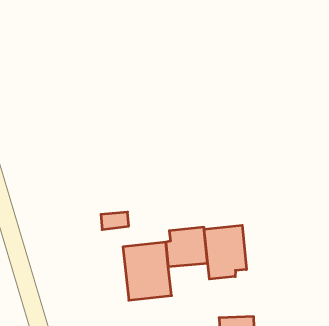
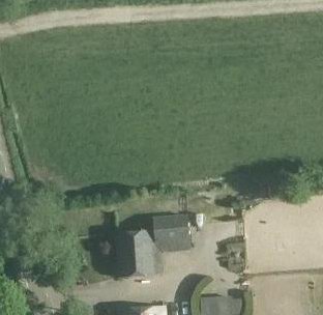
building: [204,225,246,279] -> none

